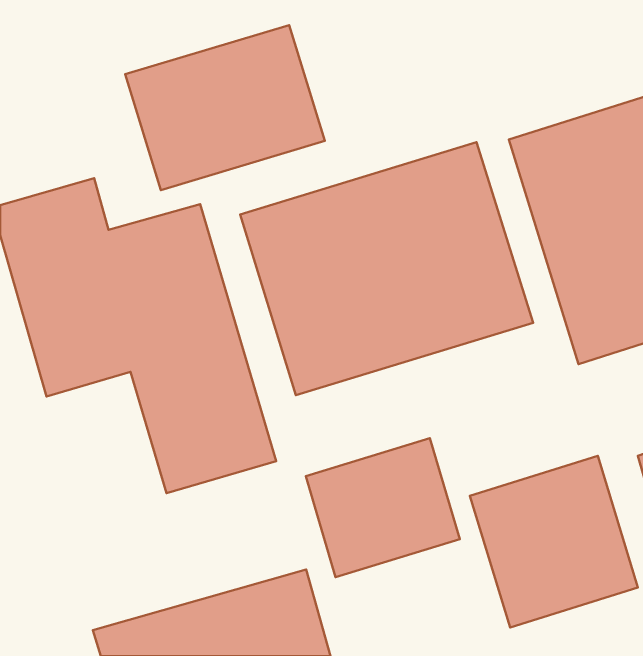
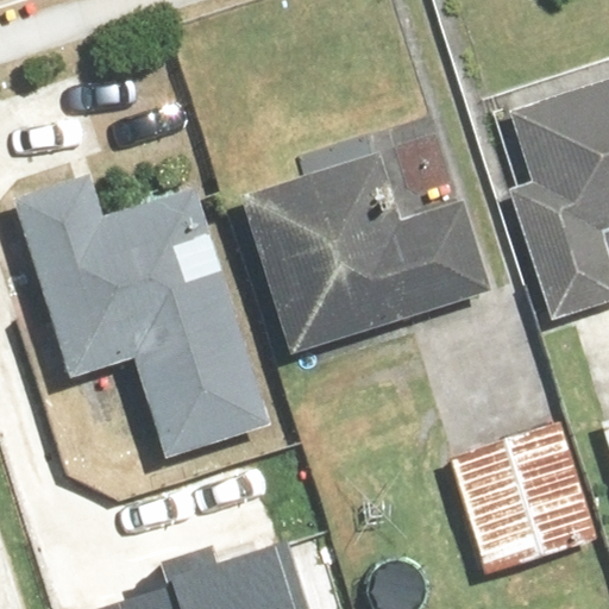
building: [125,25,325,190] -> none
building: [306,438,460,577] -> none

